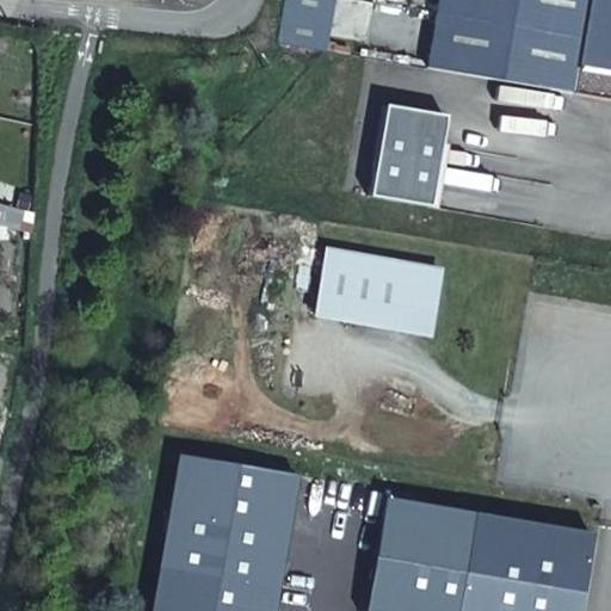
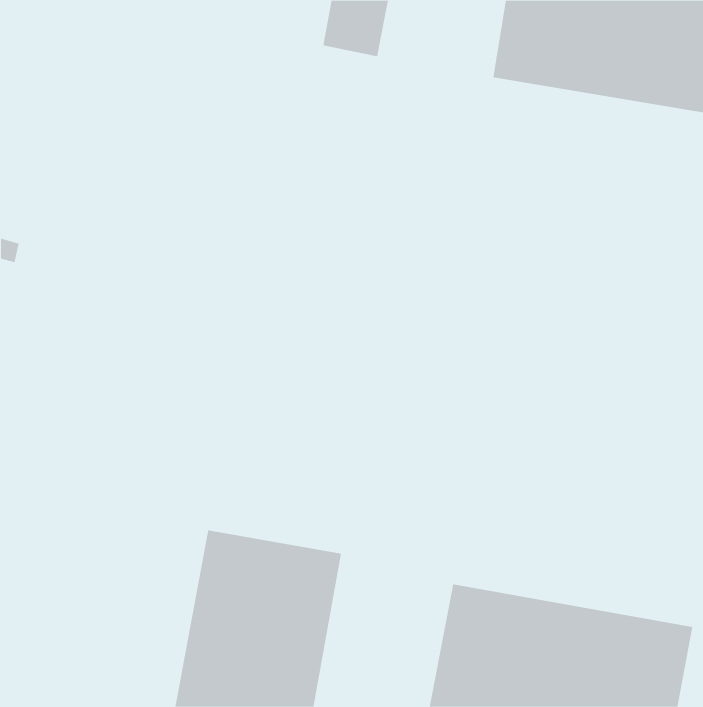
building: [371,104,445,205] -> none
building: [317,248,440,332] -> none

